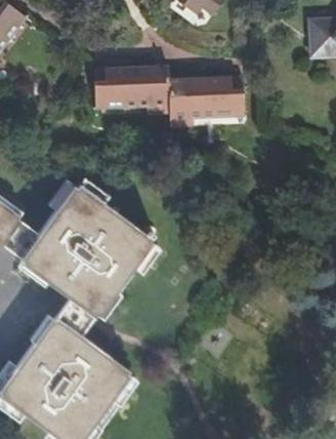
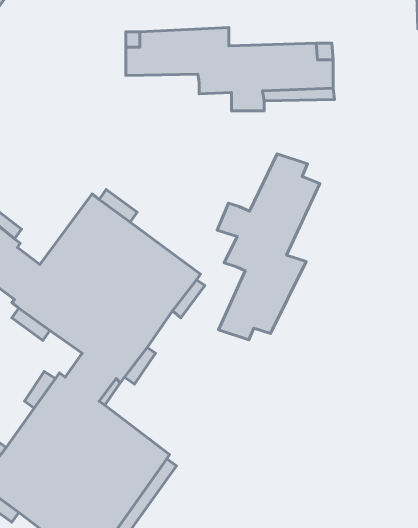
building: none -> [217,154,320,340]

